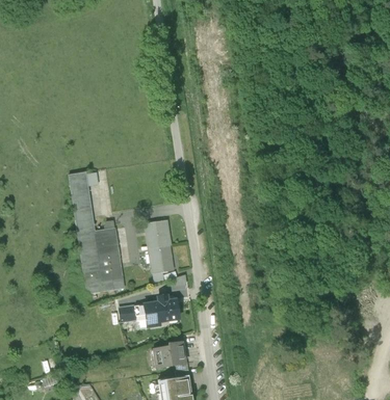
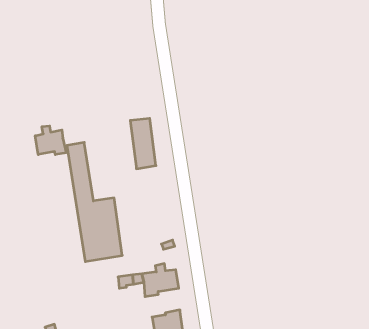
building: none -> [35,126,66,155]
building: [148,221,174,272] -> [130,118,156,169]

